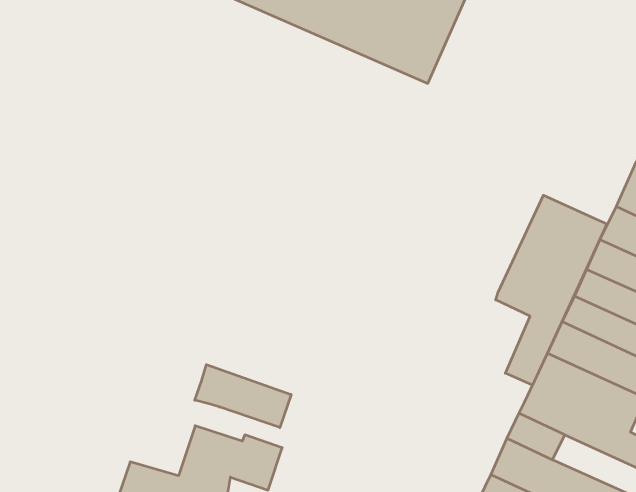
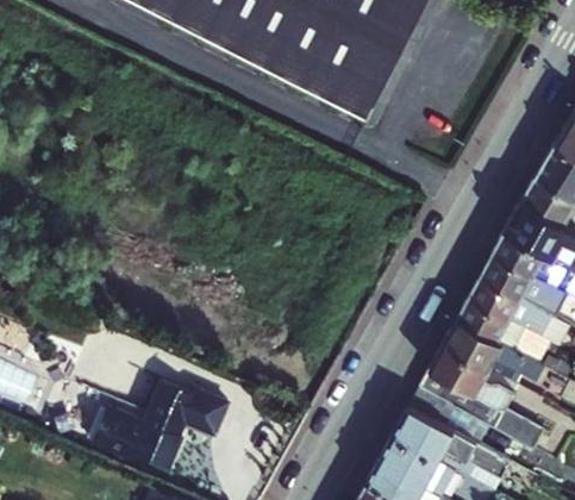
building: [496,195,607,385] -> none
building: [195,365,291,428] -> none

